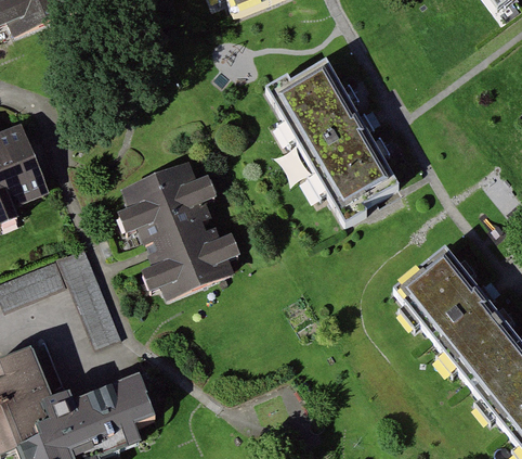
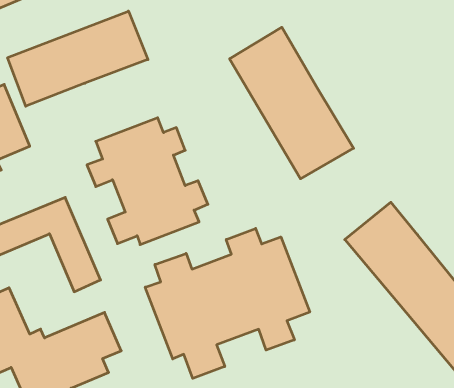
building: none -> [8,11,148,106]
building: none -> [145,228,310,378]

